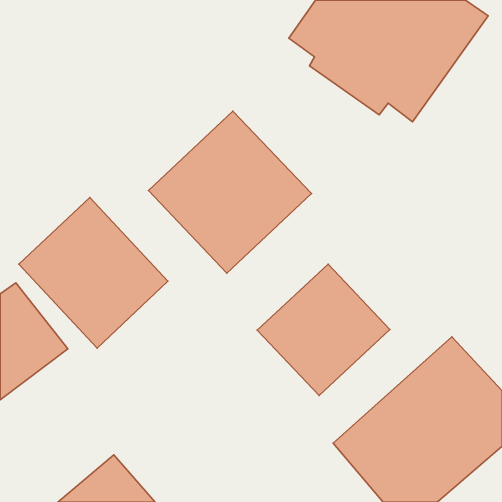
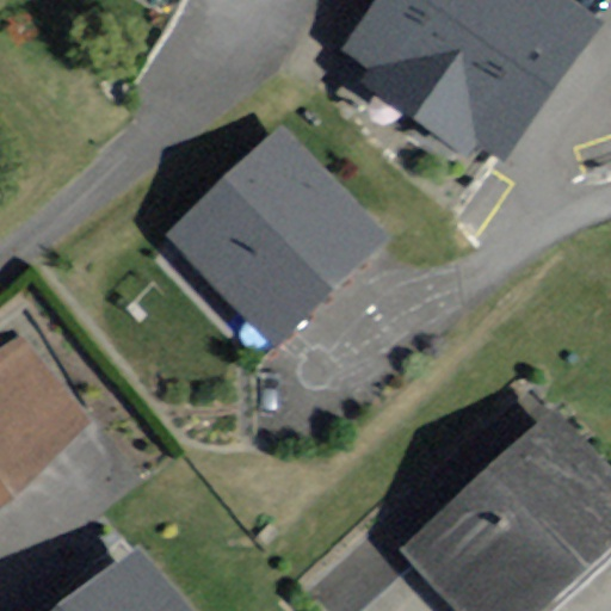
building: [19,197,168,348] -> none
building: [257,264,390,396] -> none

